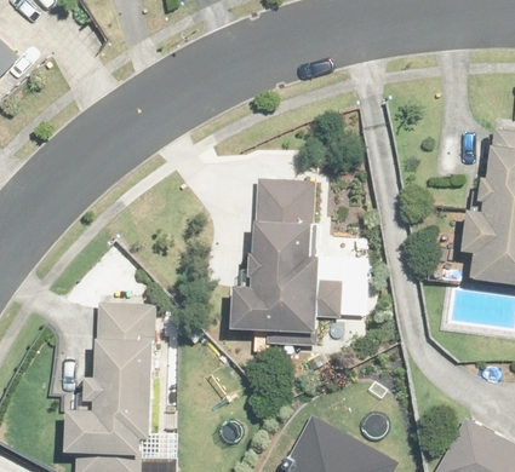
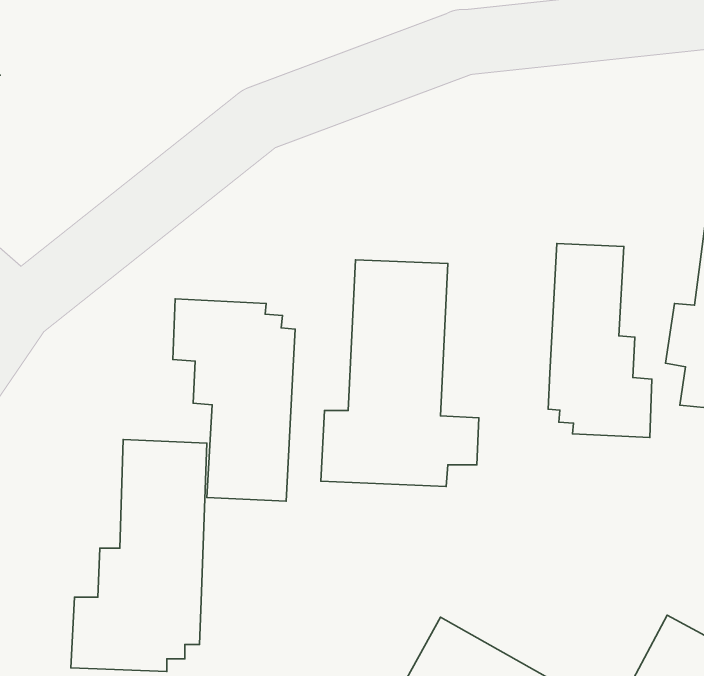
building: none -> [548,243,652,438]
building: none -> [173,299,295,501]

